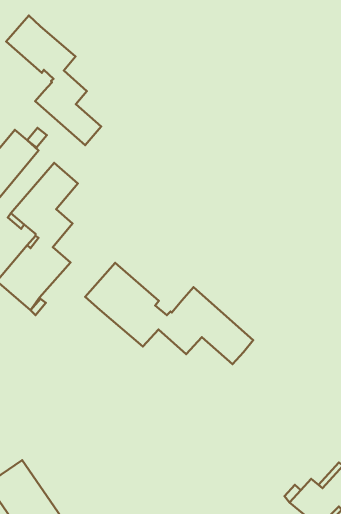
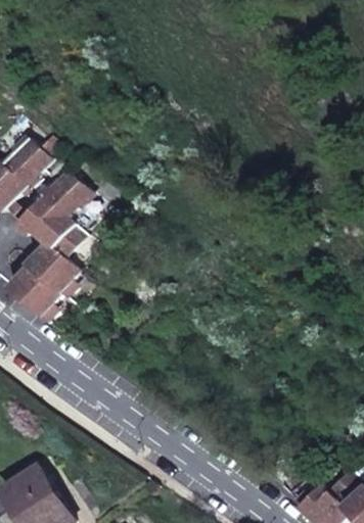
building: [6,15,101,145] -> none
building: [85,263,253,364] -> none

